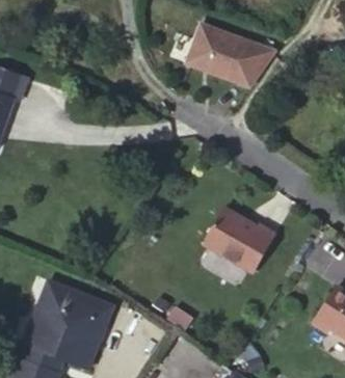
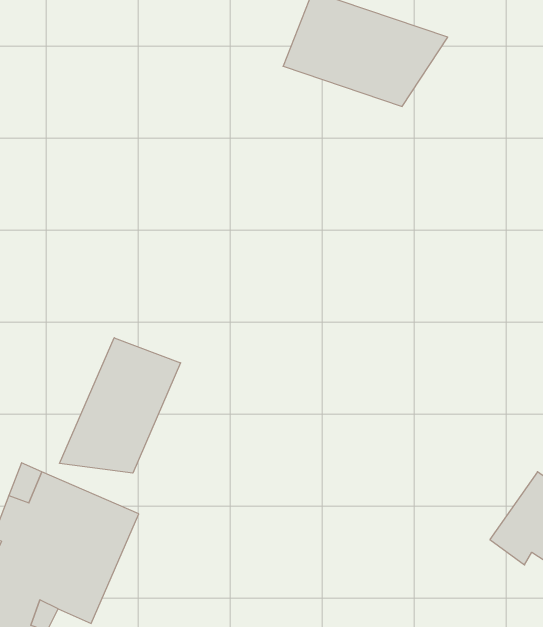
building: none -> [60,338,181,473]
building: [202,209,281,275] -> none

